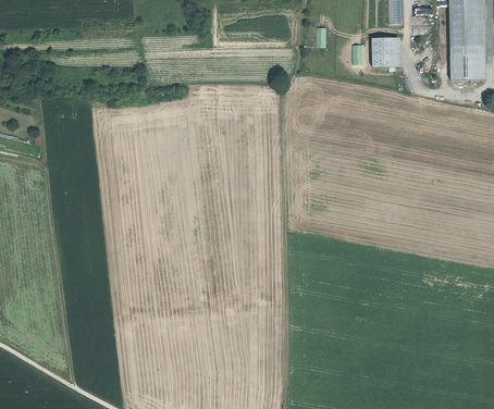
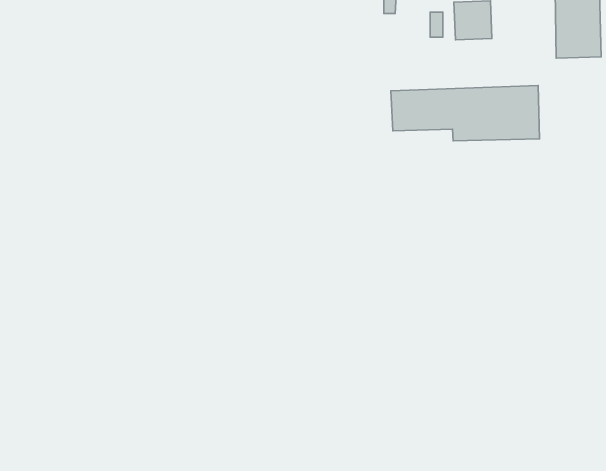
building: none -> [391,85,540,141]

